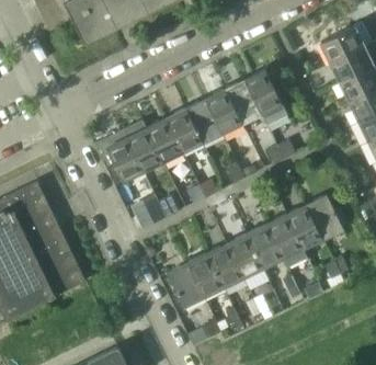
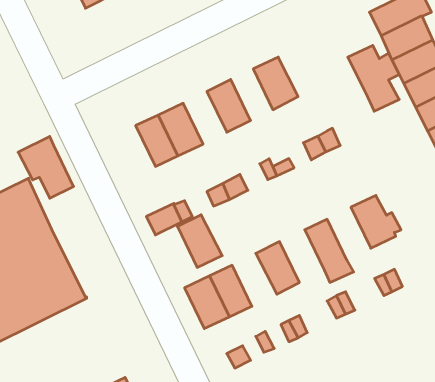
building: [244,72,287,127] -> [348,45,399,111]
building: [205,92,240,135] -> none
building: [166,111,202,155] -> none
building: [96,132,143,183] -> [18,136,74,198]
building: [285,207,321,251] -> none
building: [246,226,283,270] -> none
building: [206,246,243,289] -> [177,215,222,267]

